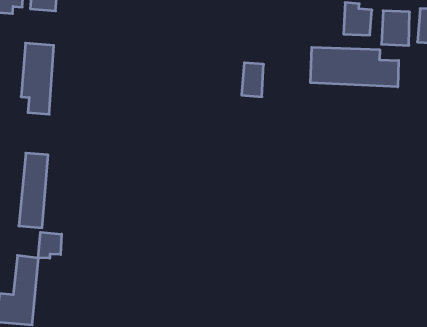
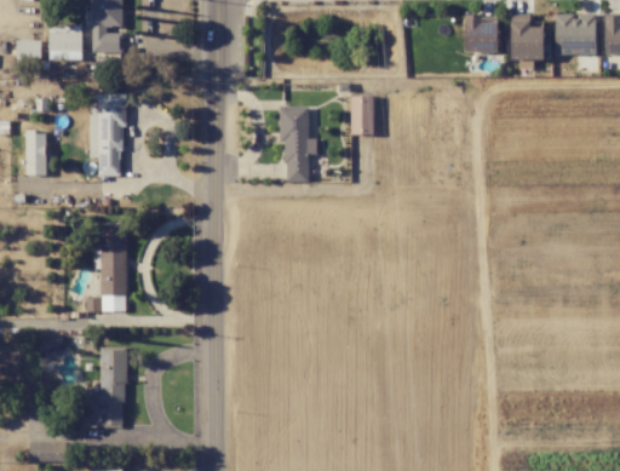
building: [311,47,399,87] -> none
building: none -> [282,108,317,183]
building: [38,232,62,258] -> none

